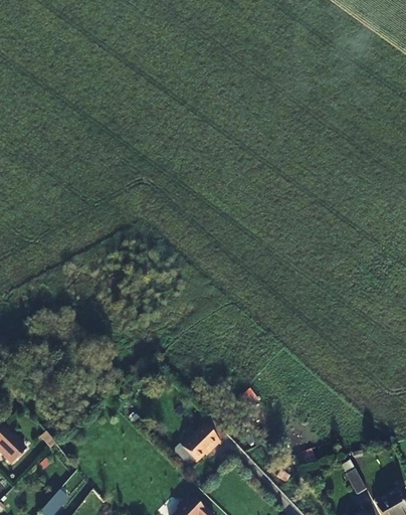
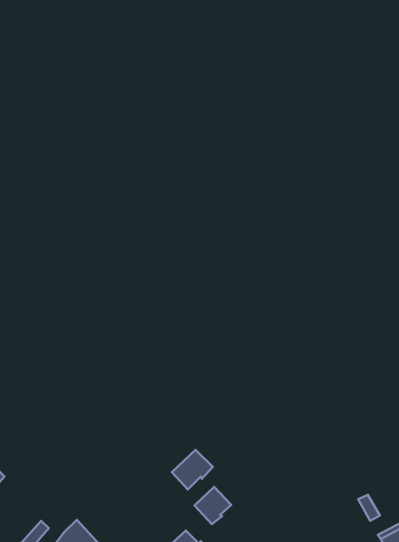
building: none -> [195,487,231,524]

